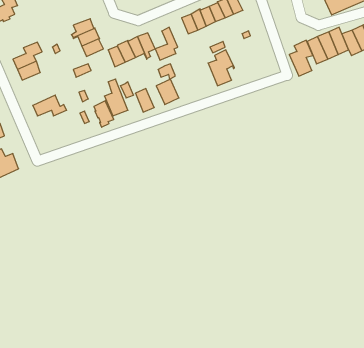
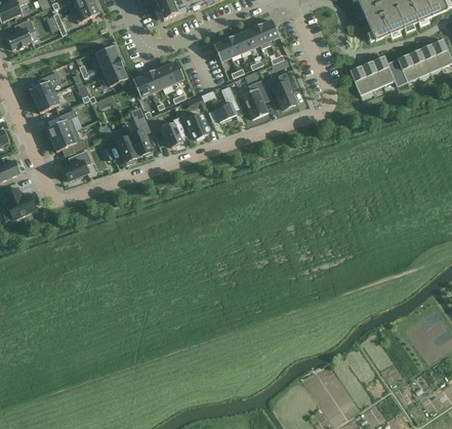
building: [155,27,178,60] -> [214,85,239,121]
building: [289,40,313,76] -> [273,70,298,109]
building: none -> [46,109,77,140]
building: none -> [64,149,92,181]

